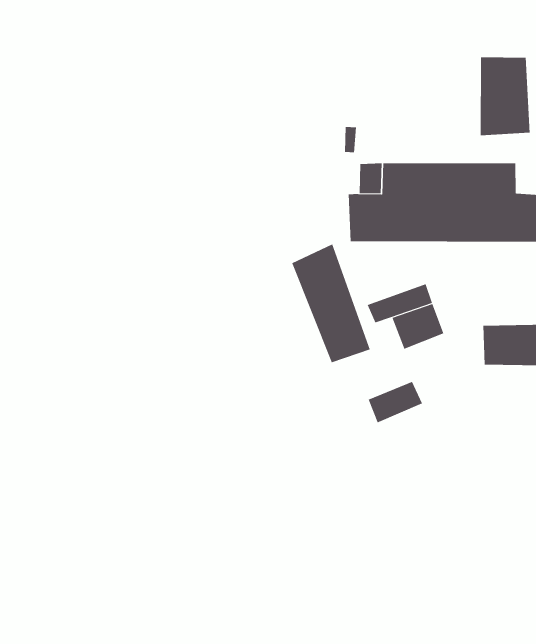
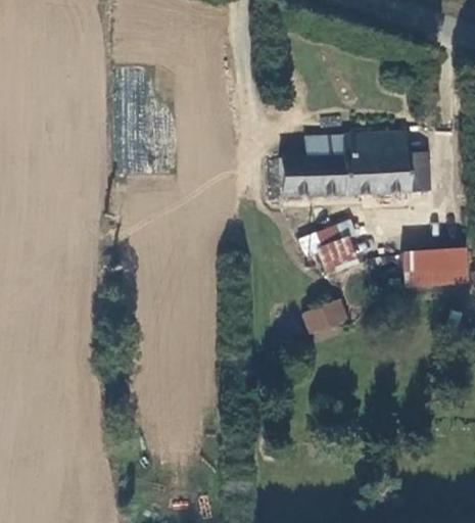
building: [480,57,530,136] -> none
building: [291,243,371,363] -> none

